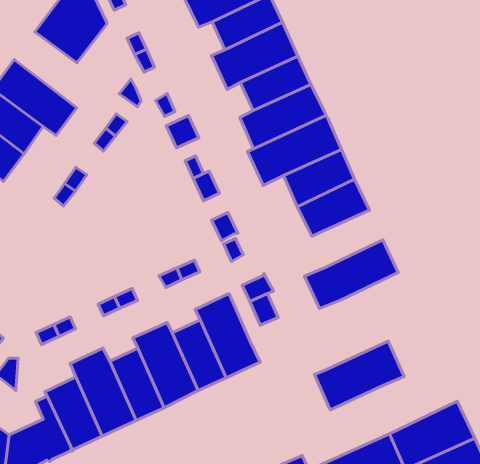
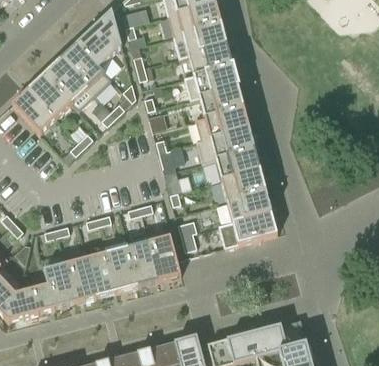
building: none -> [61,43,112,95]
building: none -> [228,191,272,222]
building: [315,341,404,410] -> none

